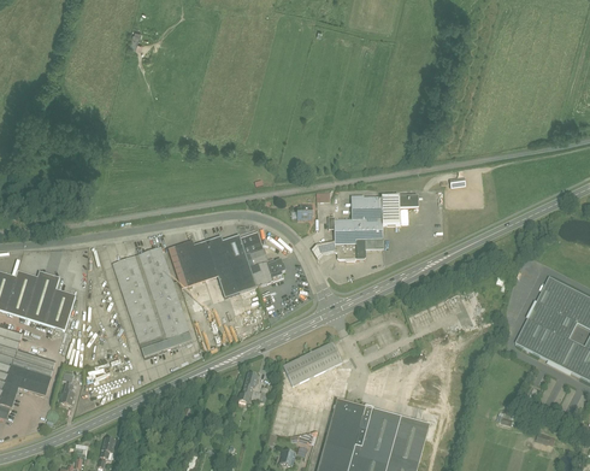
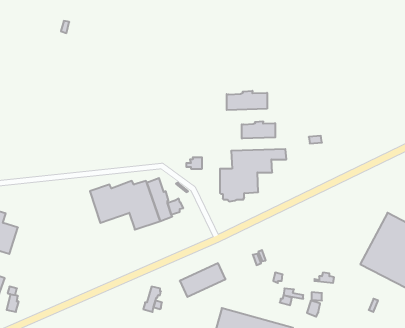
building: none -> [227,91,267,110]
building: none -> [242,121,275,139]
building: [112,248,191,357] -> none

